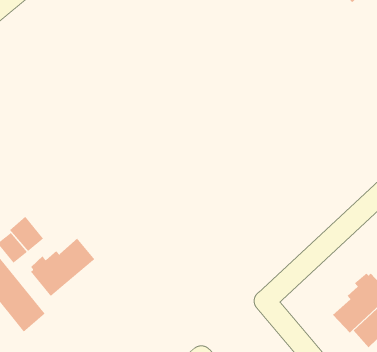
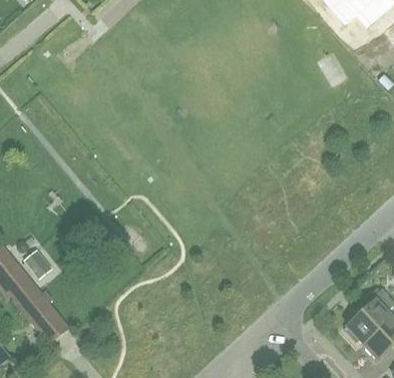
building: [9,216,44,252] -> none
building: [30,238,95,297] -> none

